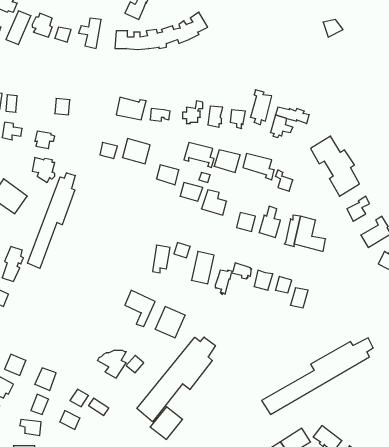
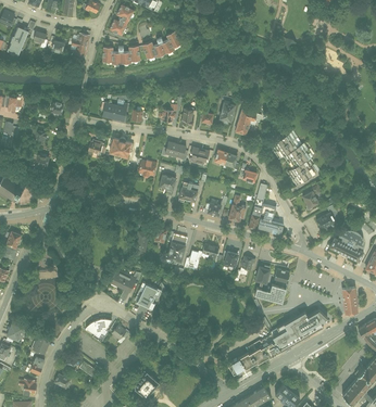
building: [28,173,75,268] -> none
building: none -> [253,268,290,304]
building: [137,337,215,422] -> none

